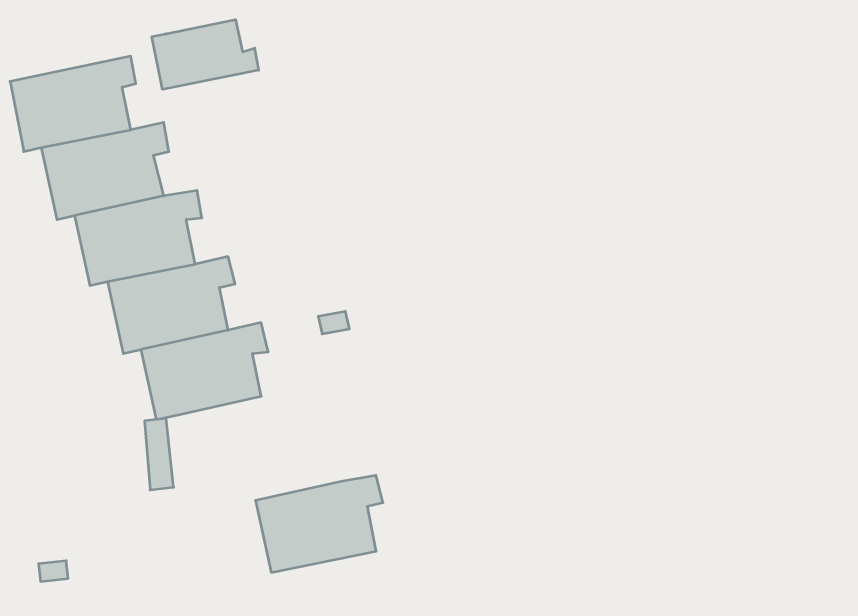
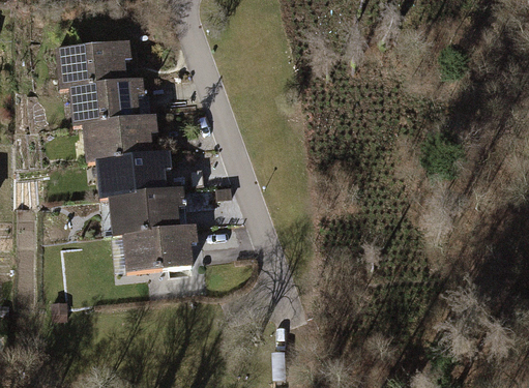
building: [152,20,259,89] -> none
building: [255,475,383,572] -> [129,225,196,269]

